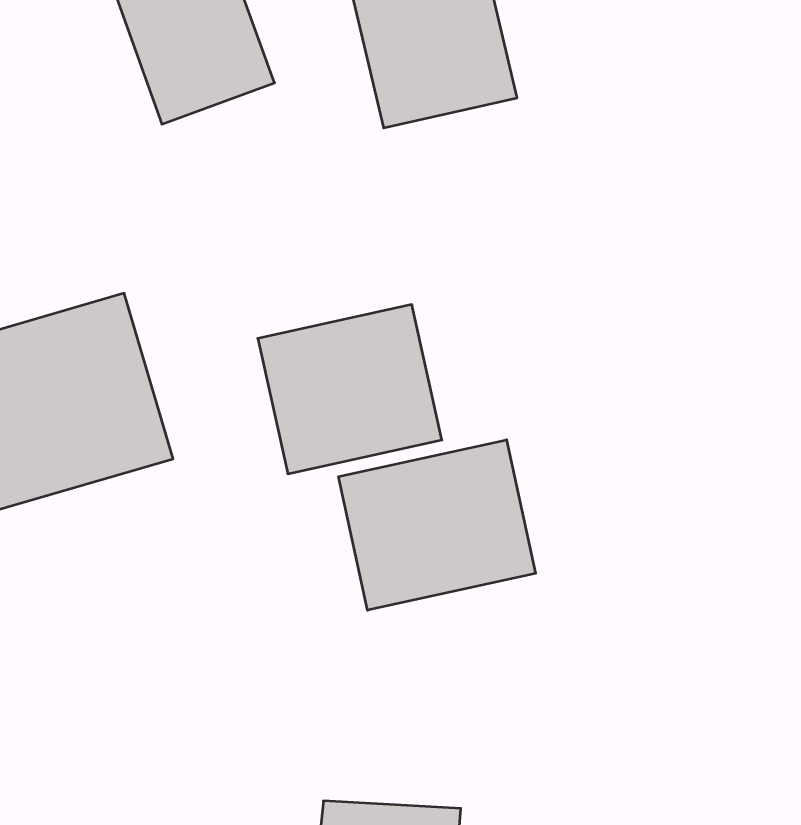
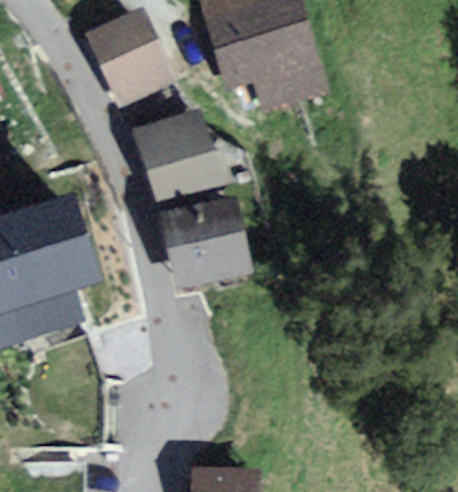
building: none -> [132,107,230,206]
building: [339,440,536,610] -> none

